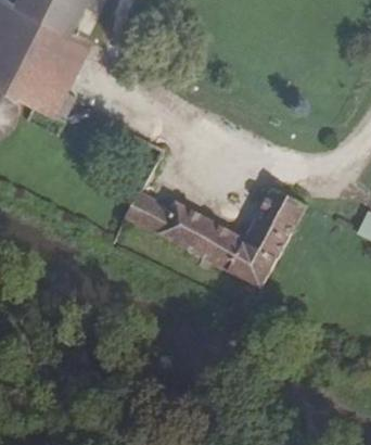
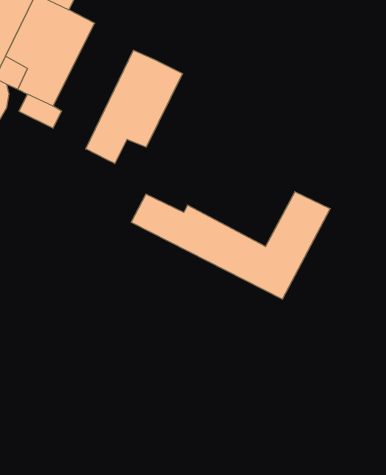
building: none -> [86,50,182,164]

